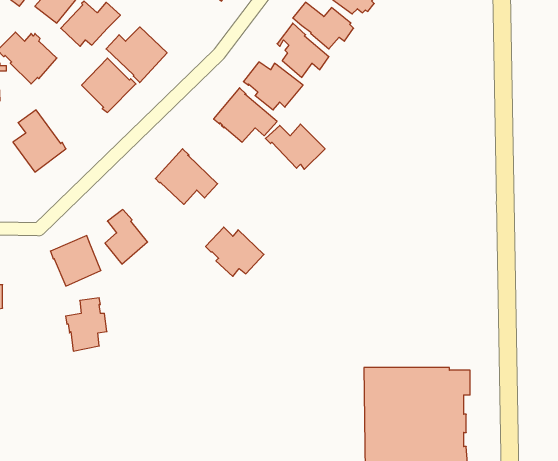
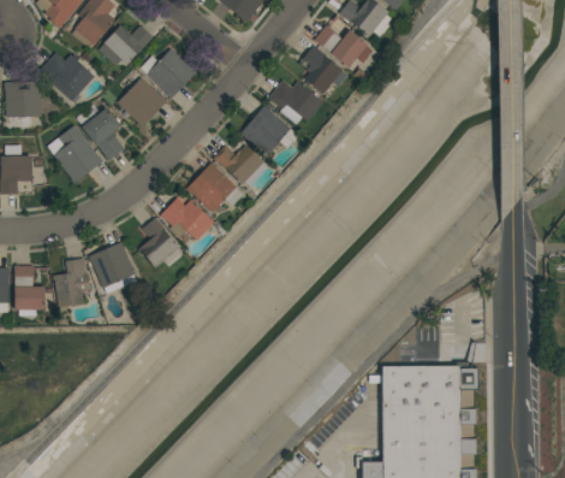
building: none -> [77,105,124,161]
building: [265,124,325,169] -> [213,144,268,187]
building: [206,227,264,276] -> [160,197,214,243]
building: [66,298,107,351] -> [53,259,91,308]

